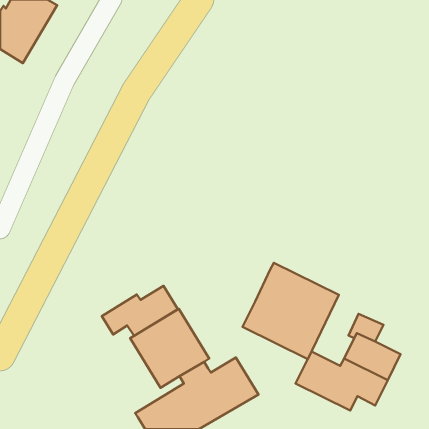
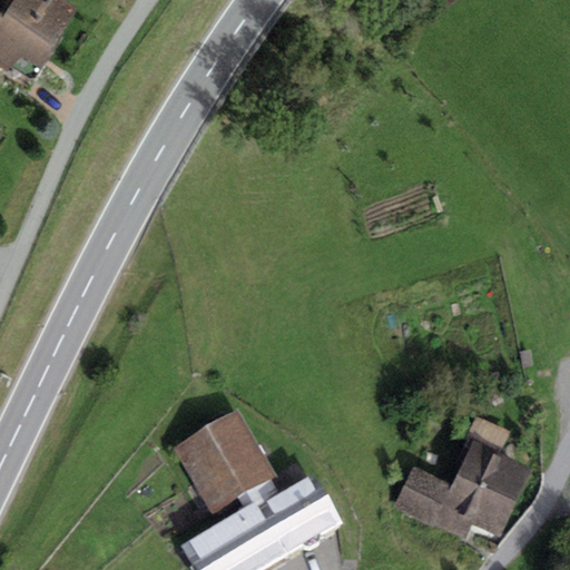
building: [243,263,339,359] -> none
building: [102,286,178,336] -> none

